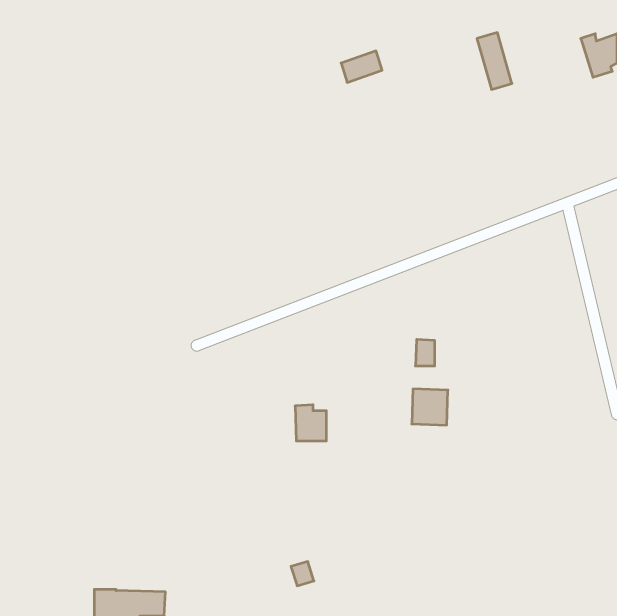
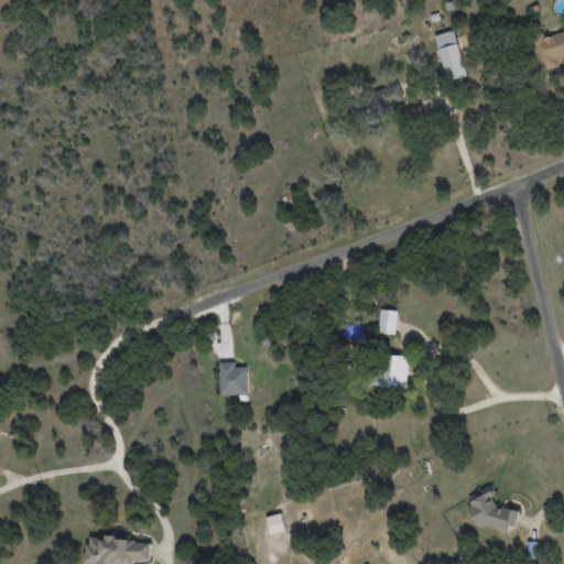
building: [341,51,382,82] -> [368,84,405,112]
building: [295,405,326,441] -> [219,362,248,395]
building: none -> [465,488,517,535]

